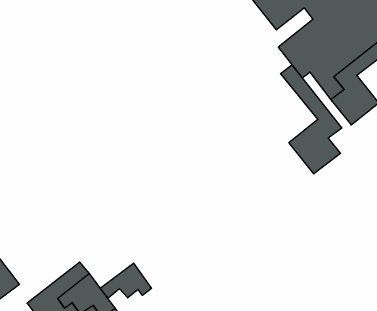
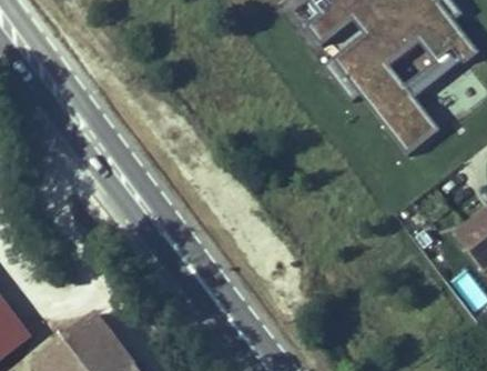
building: [281,65,342,174] -> none
building: [100,263,151,298] -> none

